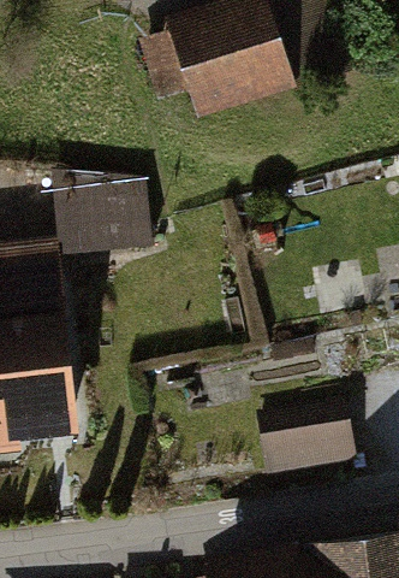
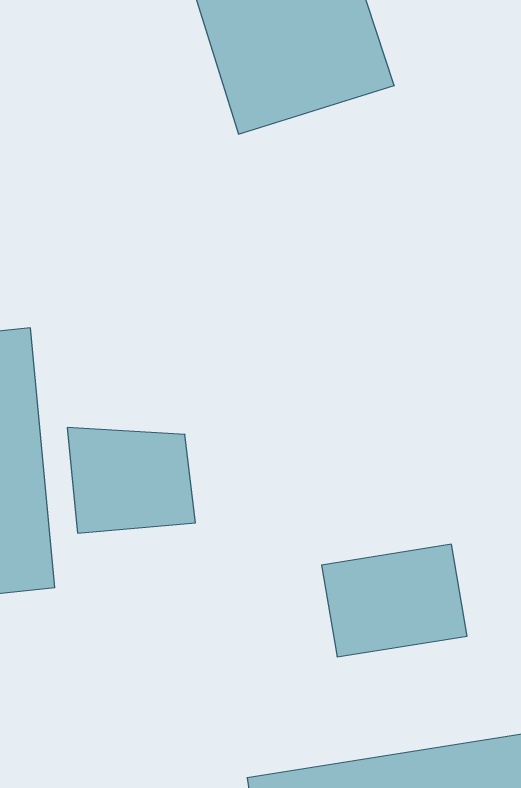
building: [60,181,149,254] -> [67,428,195,533]

